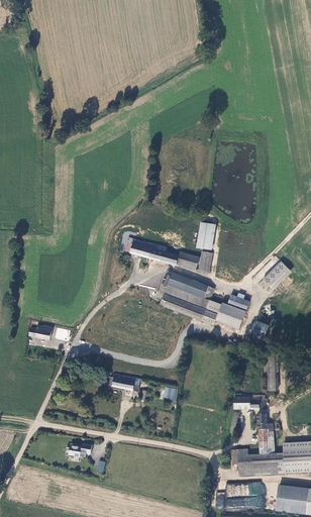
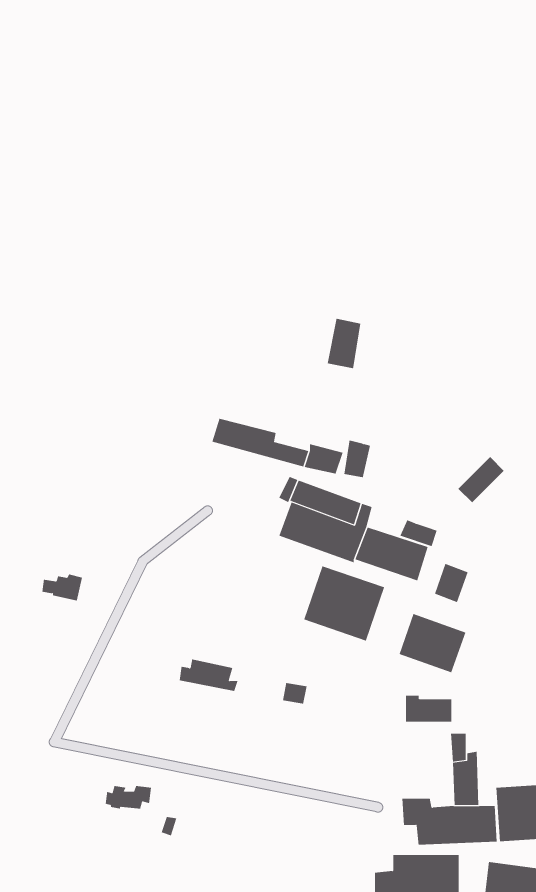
building: [195,222,214,250] -> [327,318,361,369]
building: none -> [303,565,385,641]
building: none -> [399,613,466,673]

